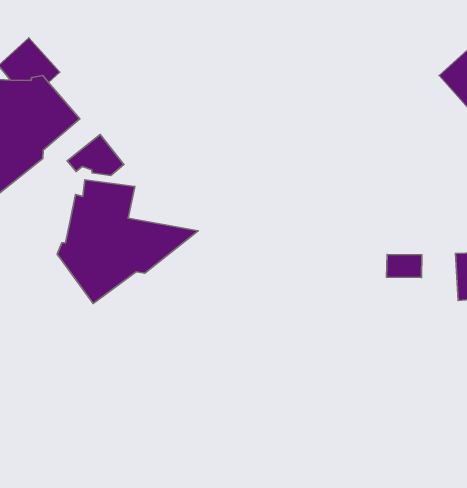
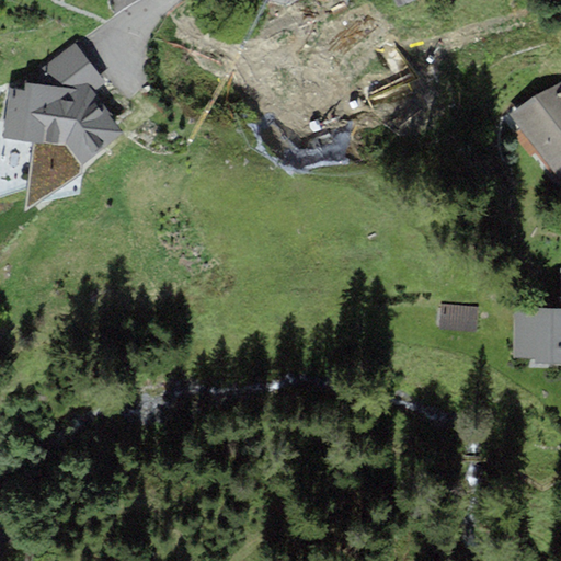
building: [67,134,124,175] -> none
building: [57,180,198,303] -> none

